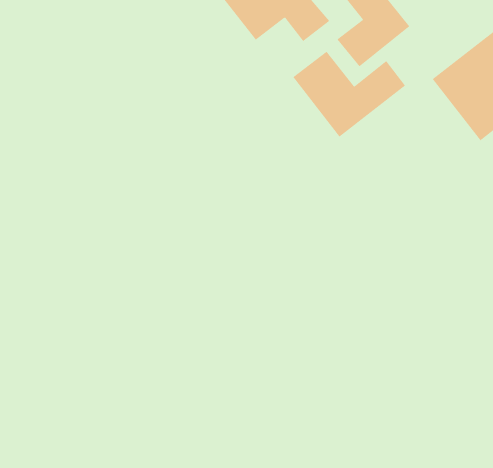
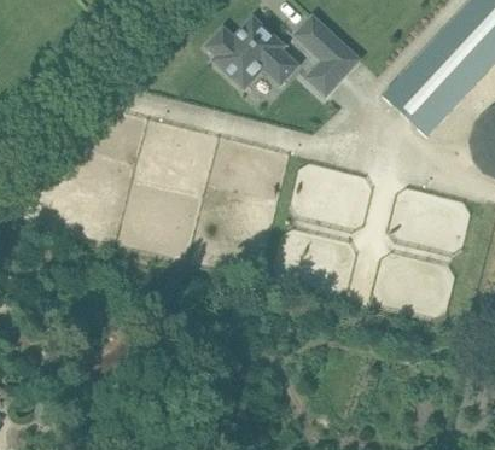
building: [292,51,406,138] -> none

